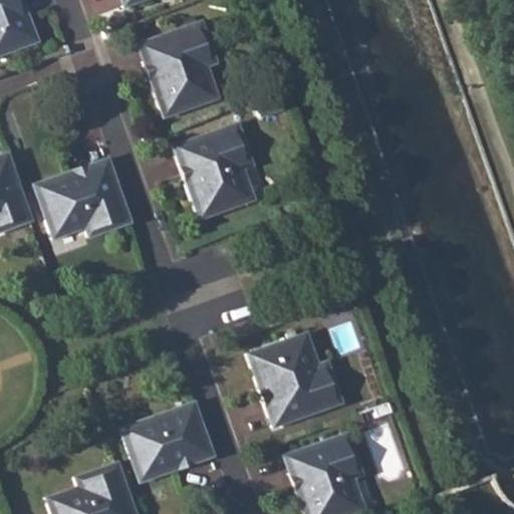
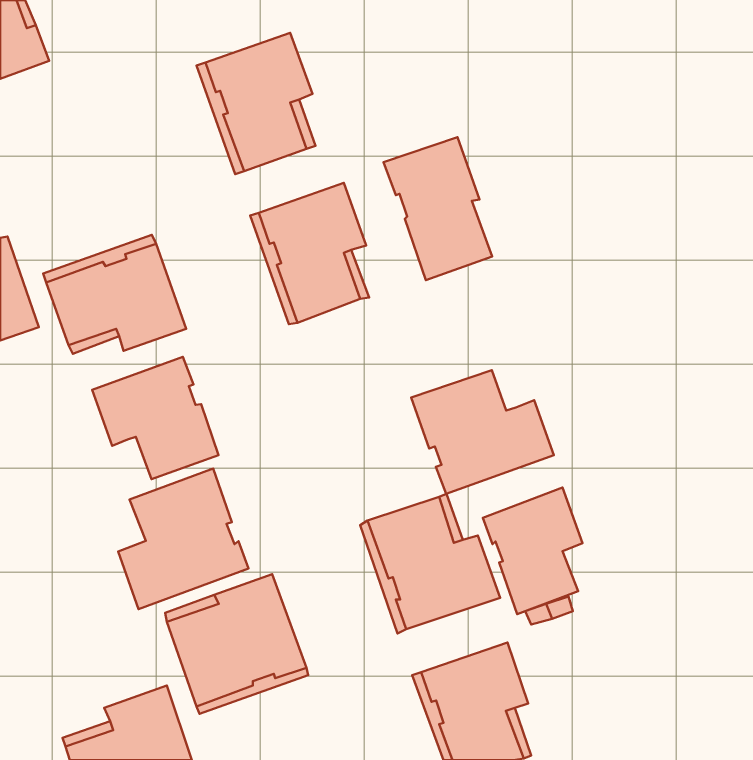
building: none -> [384,137,492,280]
building: none -> [92,357,219,479]
building: none -> [411,370,554,494]
building: none -> [118,469,248,609]
building: none -> [483,487,582,614]

